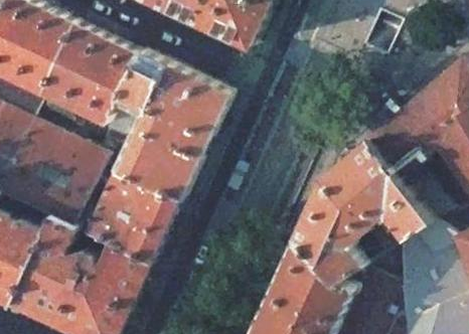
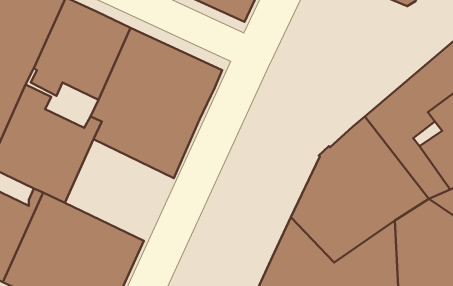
building: [71,165,178,265] -> none

